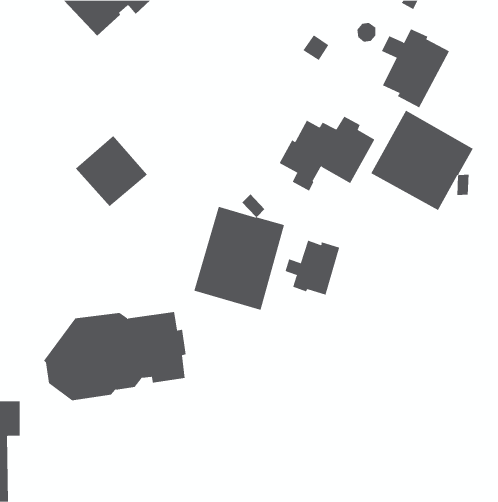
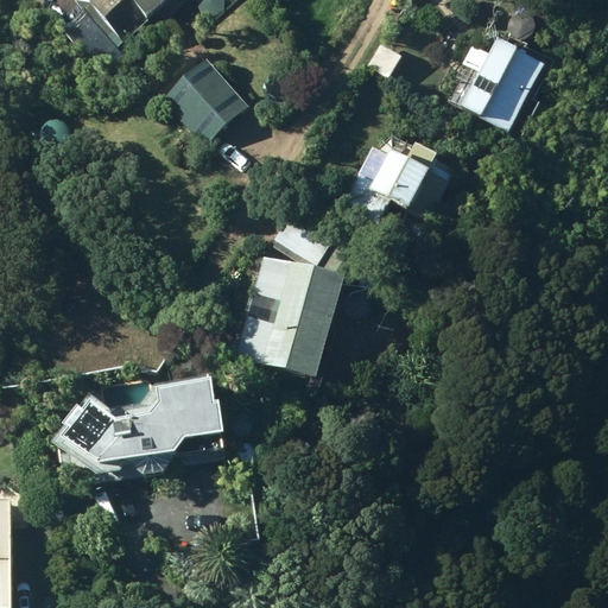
building: [370,110,473,211] -> none
building: [75,135,148,207] -> [158,58,246,145]
building: [285,240,340,296] -> none

